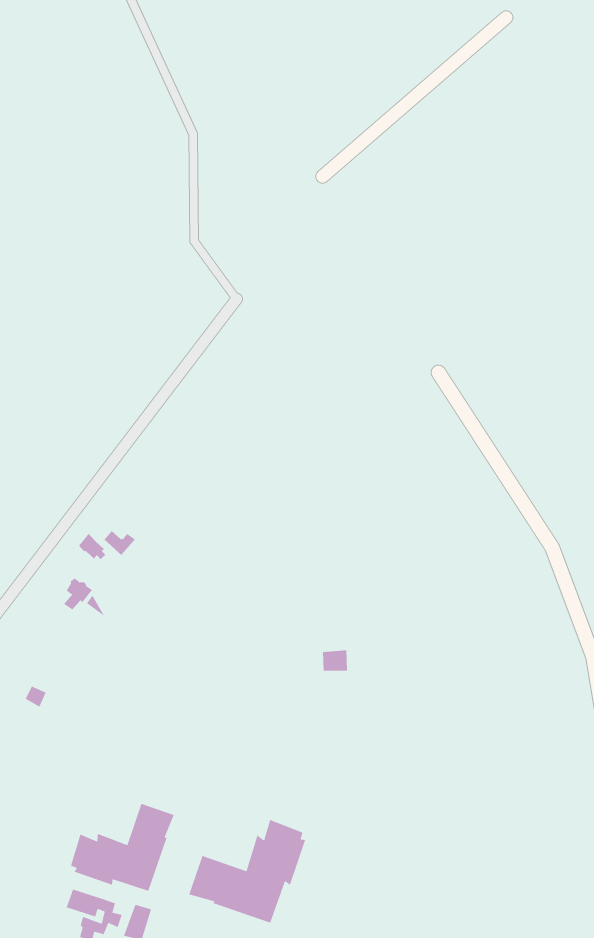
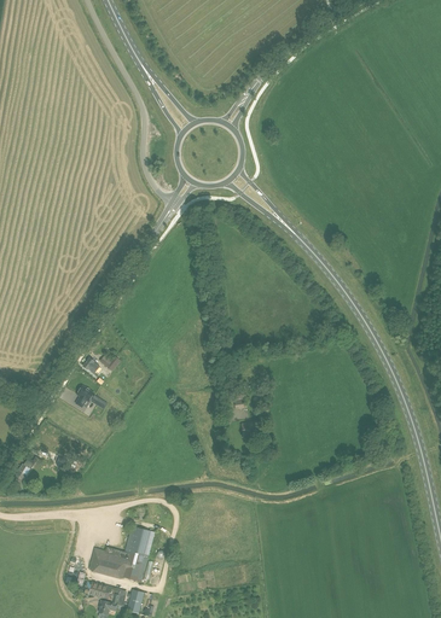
building: [189,819,306,924] -> none

